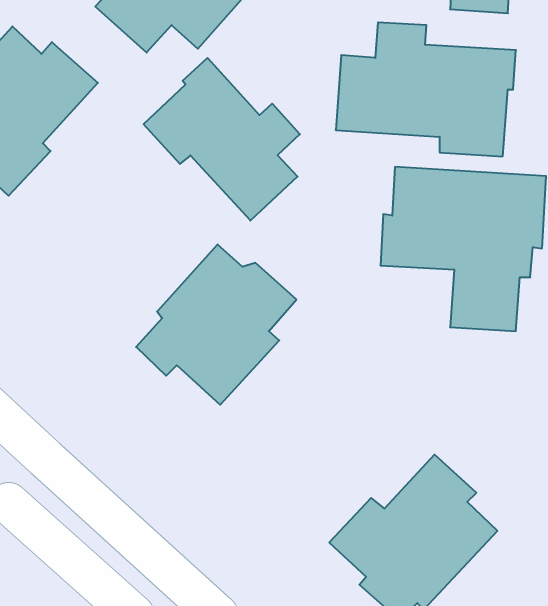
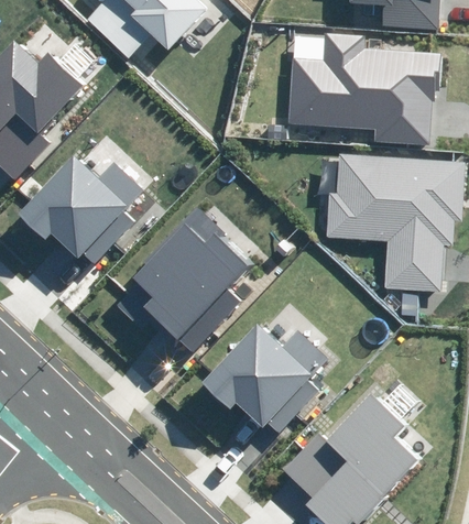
building: [144,58,300,221] -> none
building: none -> [18,153,143,264]
building: none -> [204,323,331,434]

